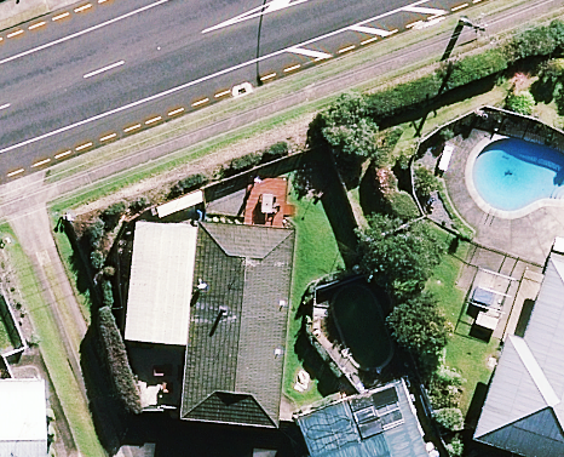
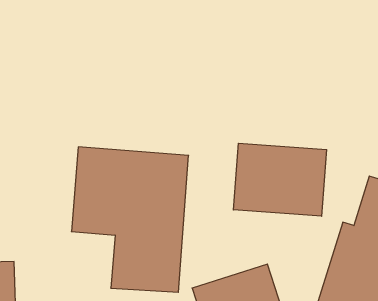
building: none -> [233,143,327,216]

